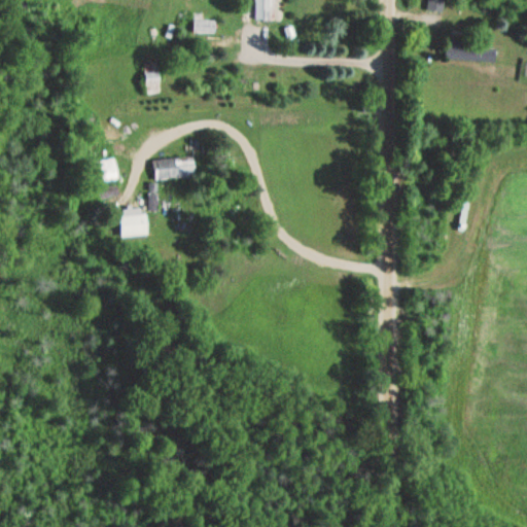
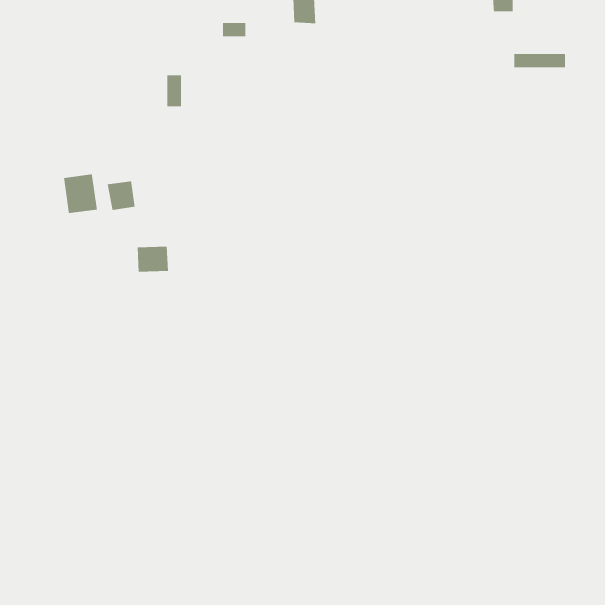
building: none -> [63,174,97,214]
building: [154,156,195,178] -> none

